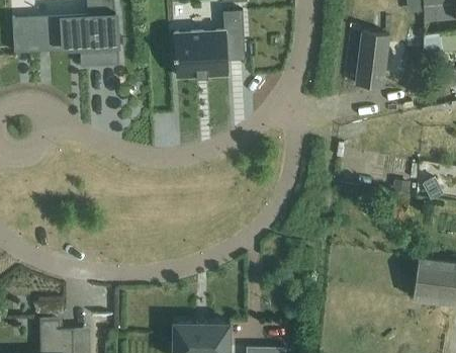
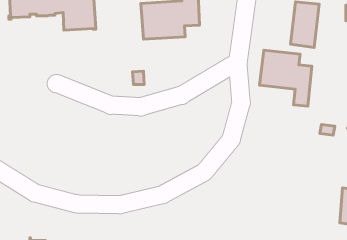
building: none -> [259,50,312,106]

